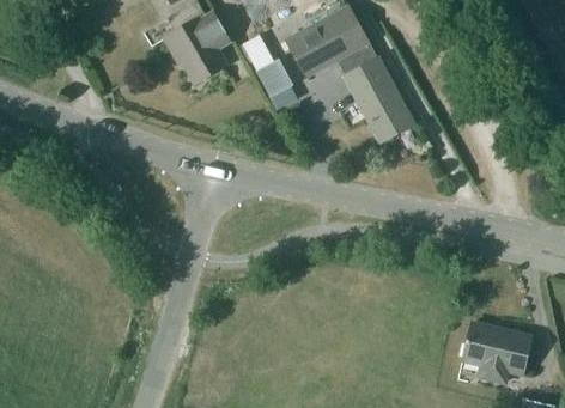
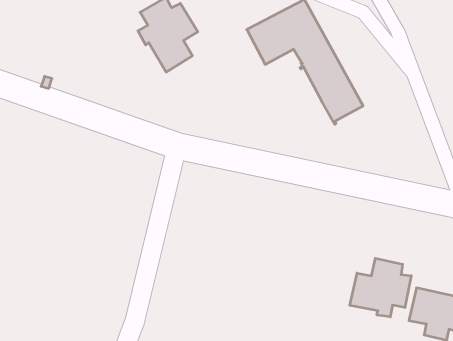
building: [248,47,297,109] -> none
building: none -> [350,258,411,317]

